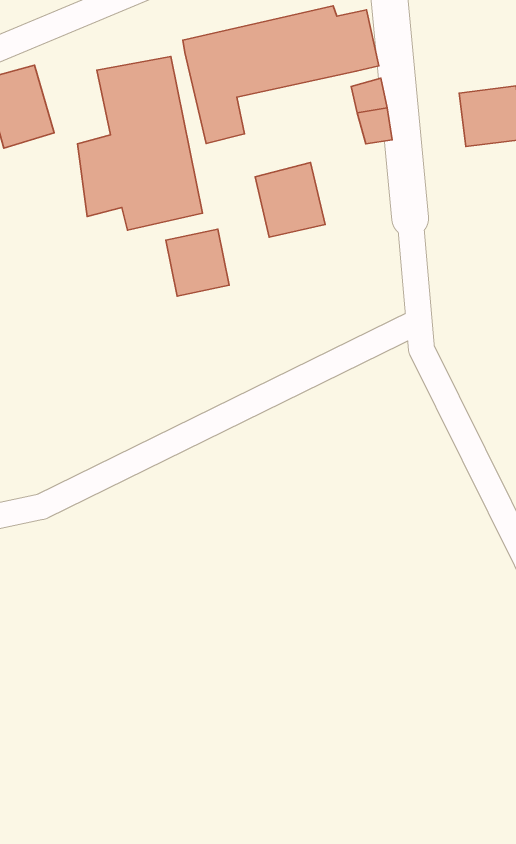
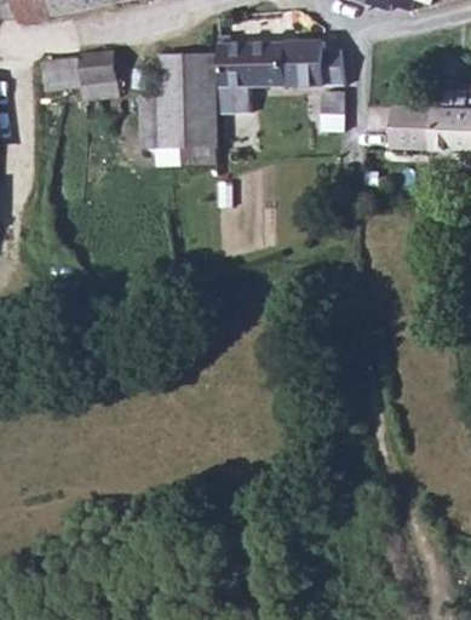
building: [255,163,325,237] -> none
building: [166,229,229,296] -> none

